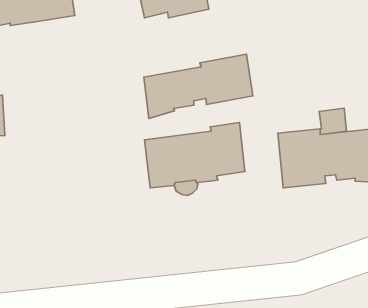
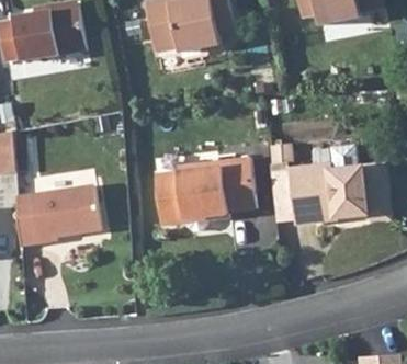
building: [144,54,253,118] -> none
building: none -> [15,184,100,244]

